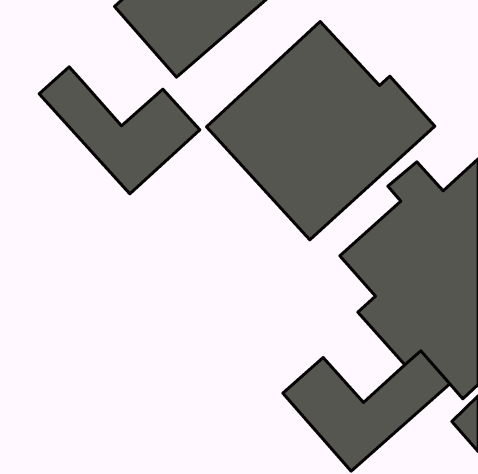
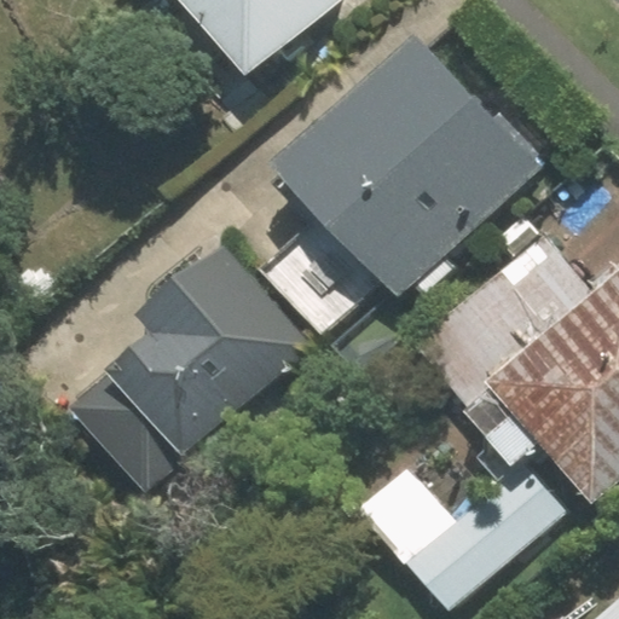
building: [39,67,200,194] -> none
building: none -> [104,243,313,462]

